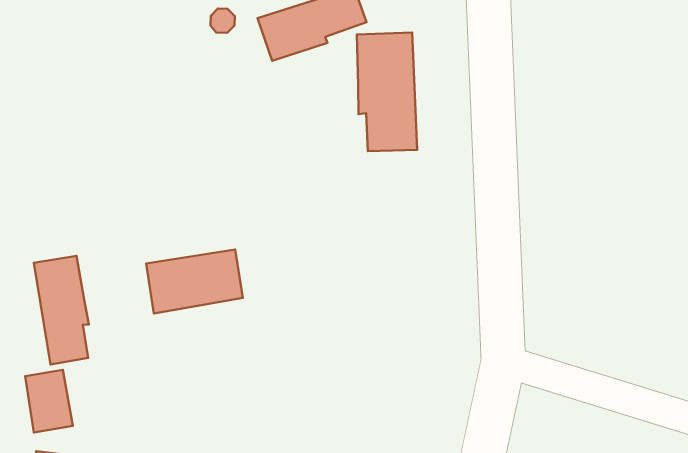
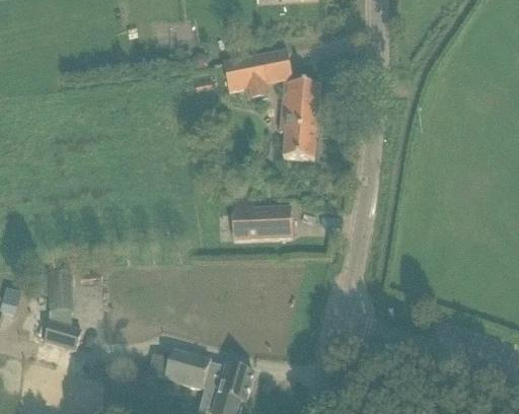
building: [146,249,243,313] -> [232,204,291,238]
building: [34,256,89,365] -> none

